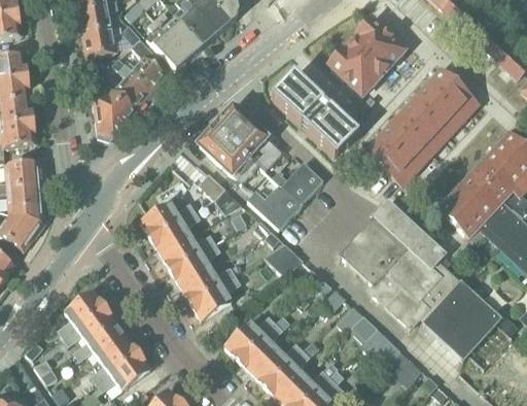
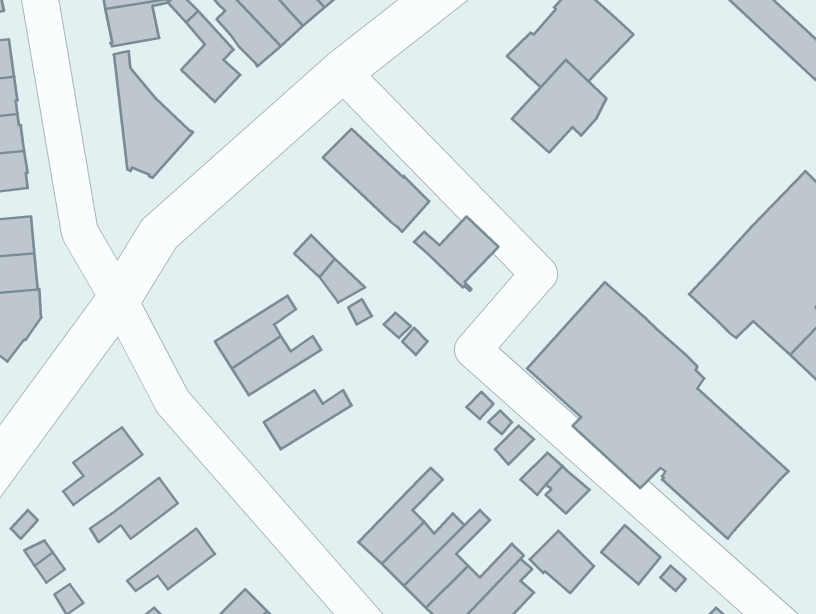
building: [111,59,149,108] -> none
building: [365,69,477,183] -> none
building: [270,72,358,155] -> none
building: [199,125,261,183] -> none
building: [246,183,301,228] -> none
building: [139,202,194,237] -> none
building: [170,242,218,286] -> none
building: [264,242,302,275] -> none
building: [189,275,239,319] -> none
building: [63,306,115,344] -> none
building: [223,314,274,360] -> none
building: [360,328,399,366] -> [530,531,594,593]
building: [90,336,138,383] -> none

